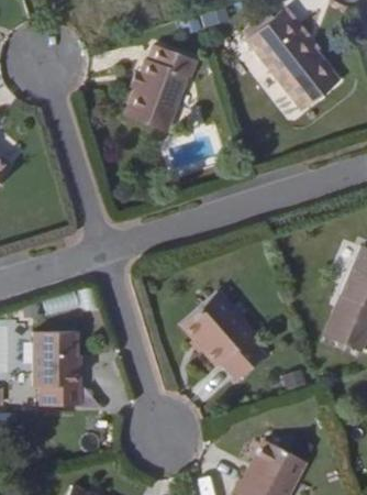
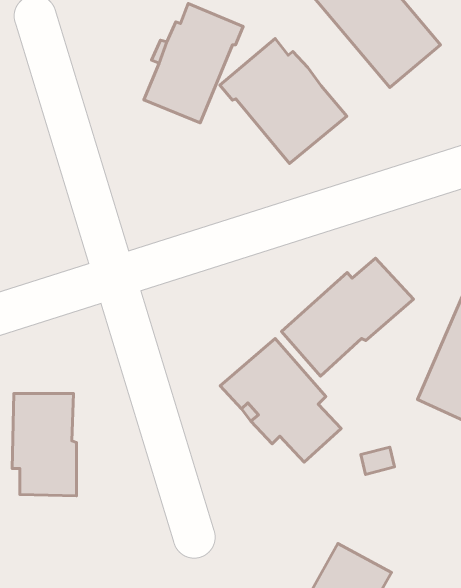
building: none -> [220,38,347,164]
building: none -> [282,258,414,376]

